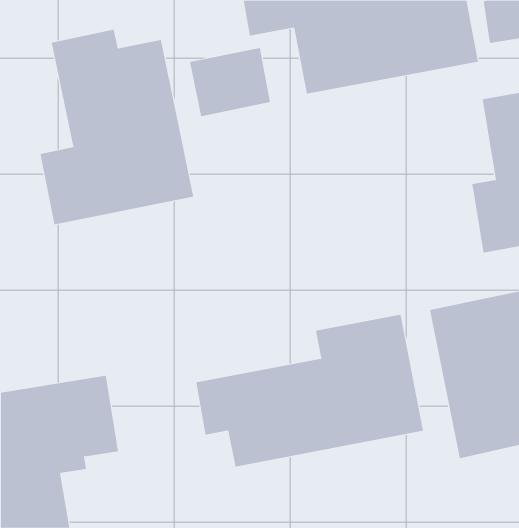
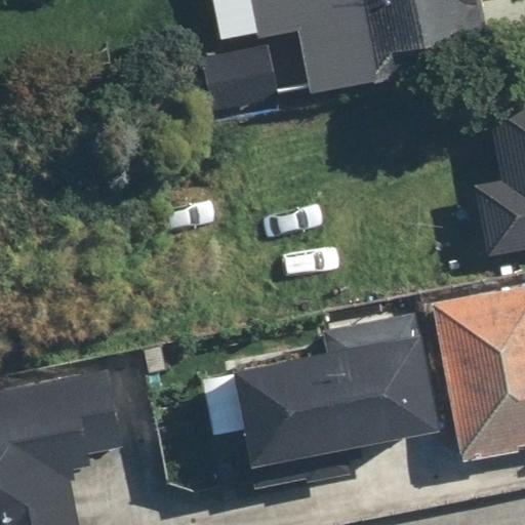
building: [40,29,194,225] -> none

